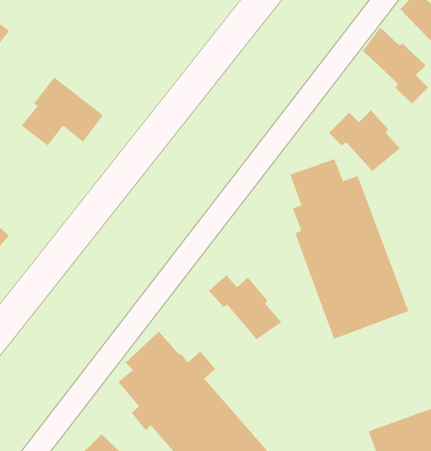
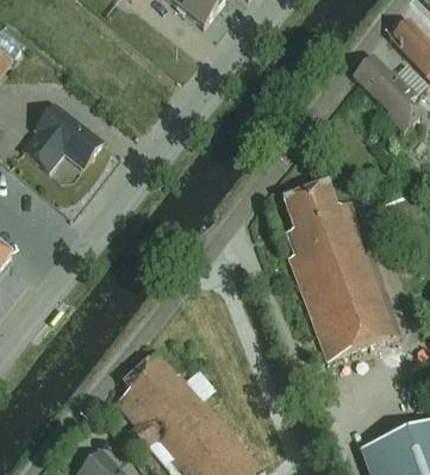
building: [328,110,401,172] -> none
building: [208,274,282,340] -> none

